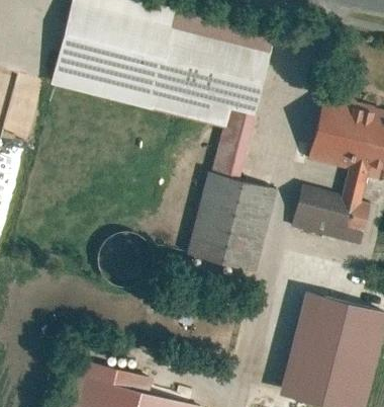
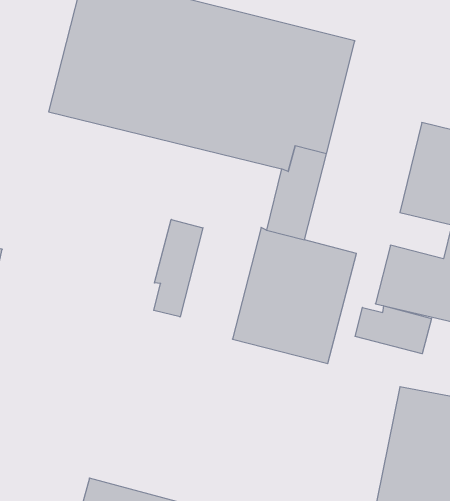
building: none -> [154,219,203,317]
building: none -> [355,306,431,354]

